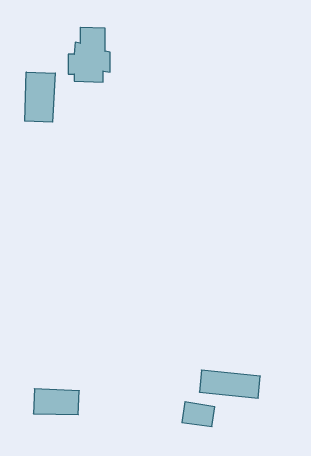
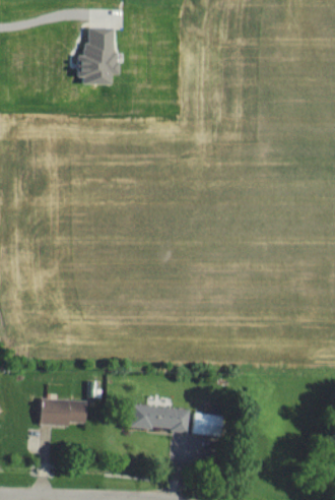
building: [25,72,55,122] -> none
building: [199,370,260,398] -> [129,403,191,432]

